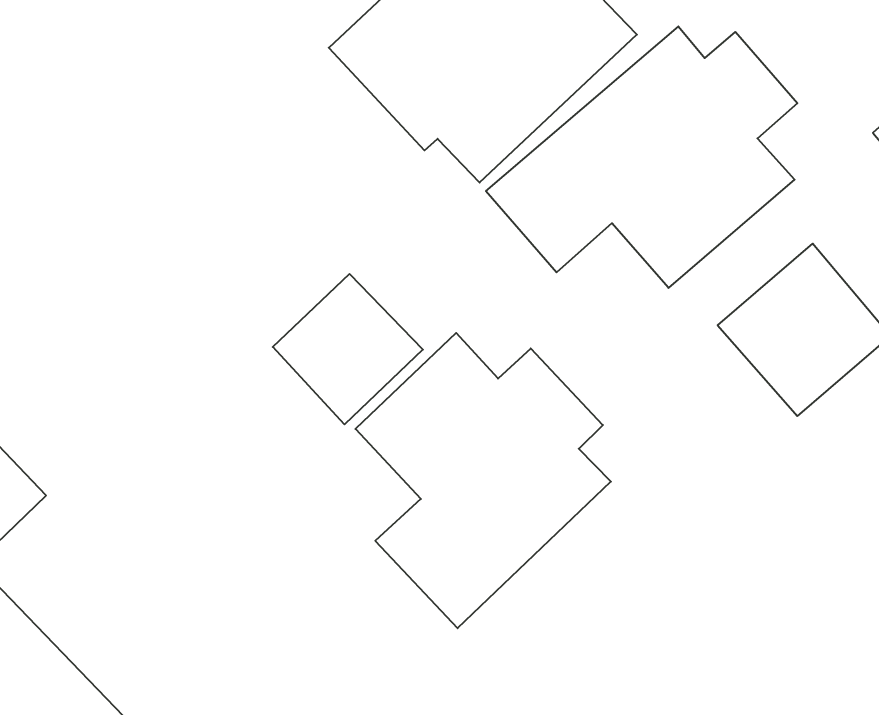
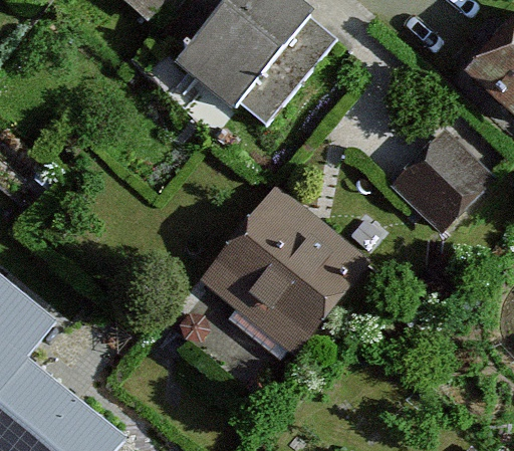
building: [486,26,797,288] -> none
building: [273,274,423,424] -> none

